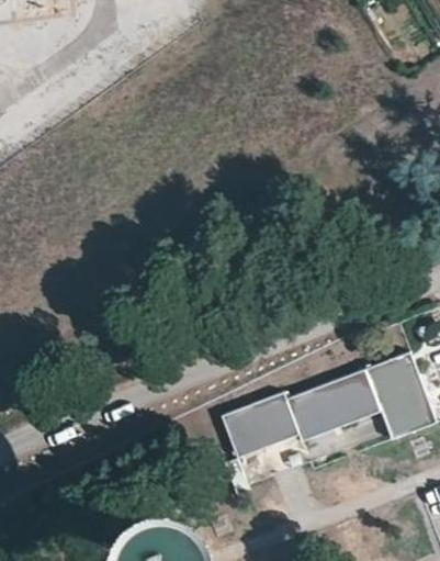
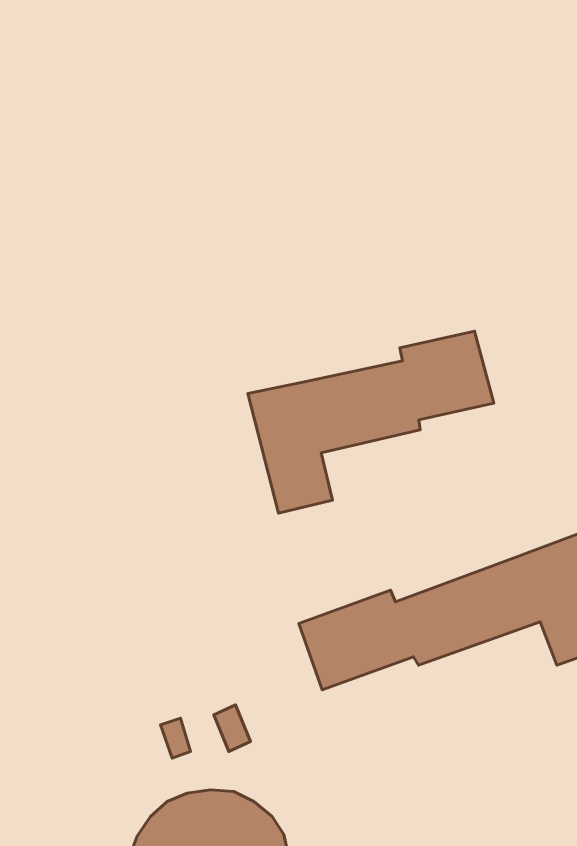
building: none -> [248,331,494,513]

